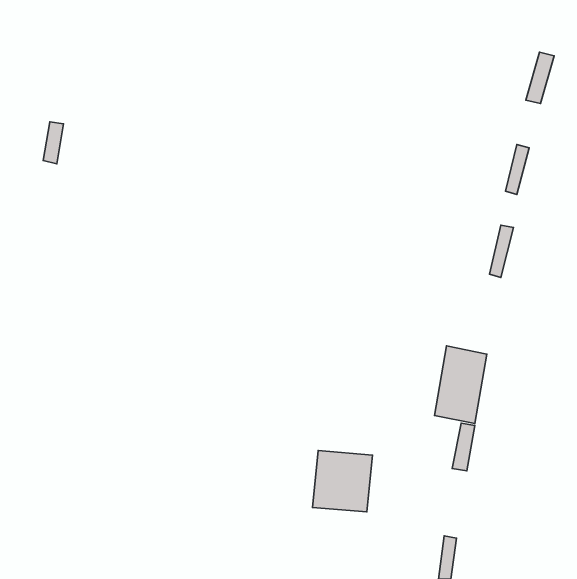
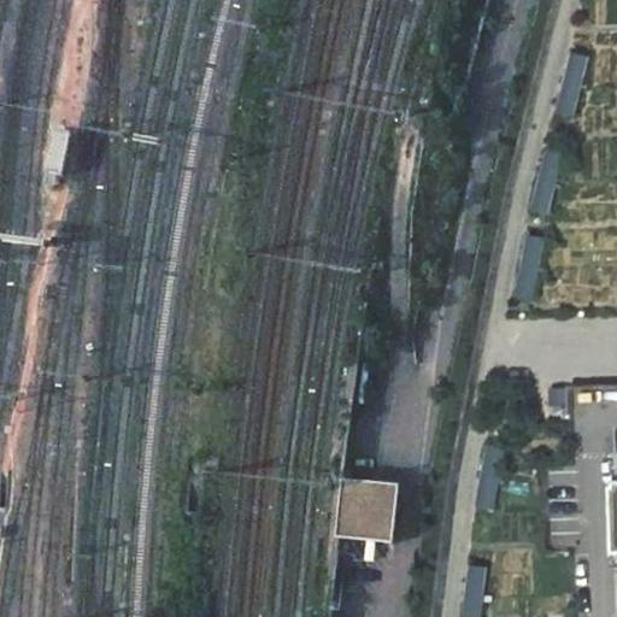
building: [434,346,487,424] -> none

